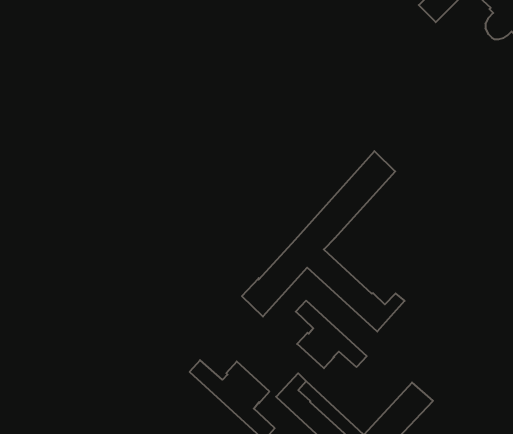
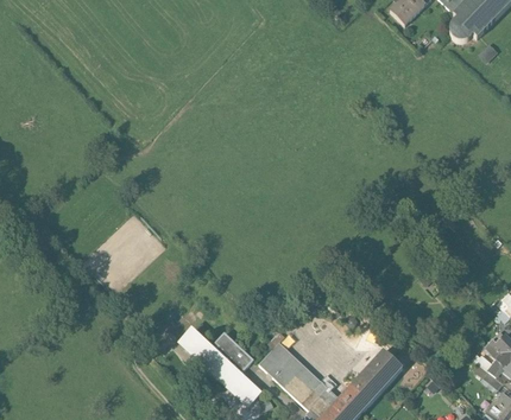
building: [242,151,405,332] -> none
building: [296,301,367,368] -> none

